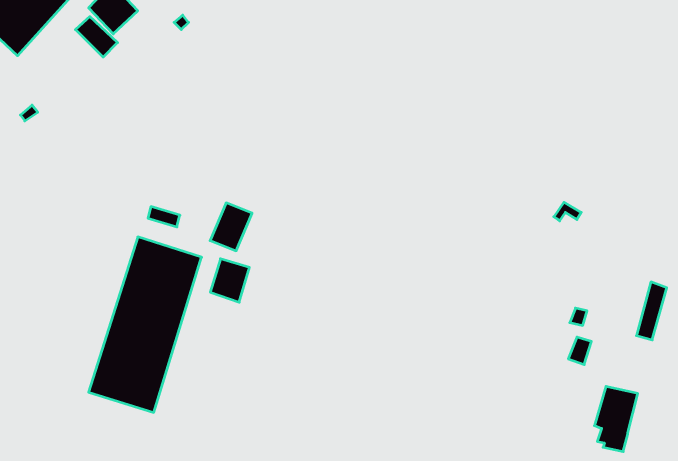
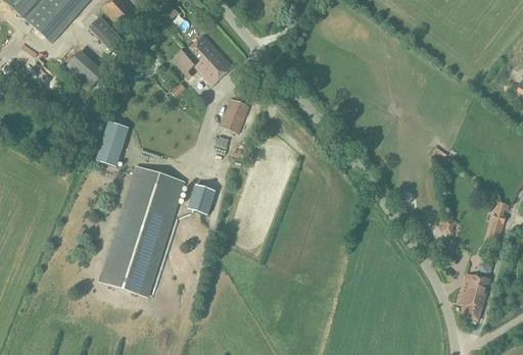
building: none -> [171,36,232,87]
building: none -> [64,52,103,90]
building: none -> [95,121,128,167]
building: [210,203,252,251] -> [220,99,249,133]

